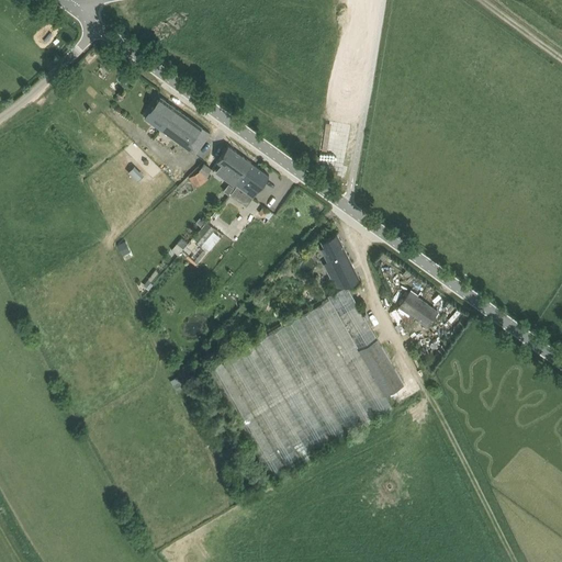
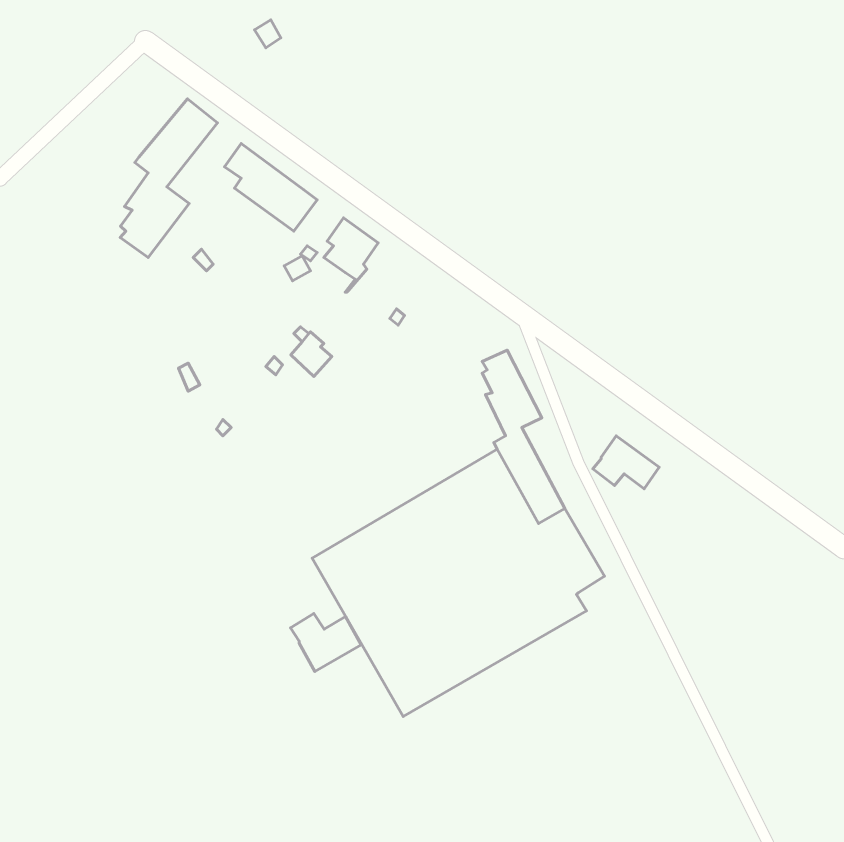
building: none -> [120,99,218,257]
building: [231,162,269,206] -> none
building: none -> [290,613,361,672]

